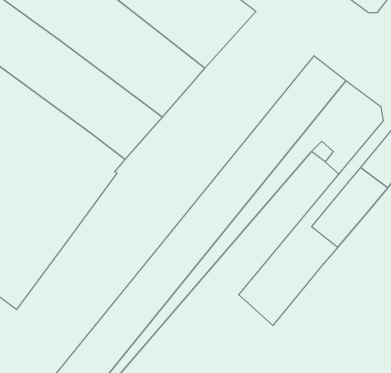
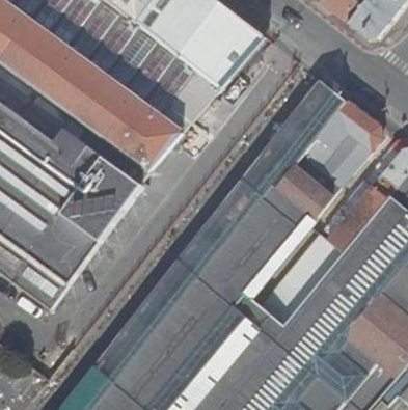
building: none -> [262,236,344,326]

